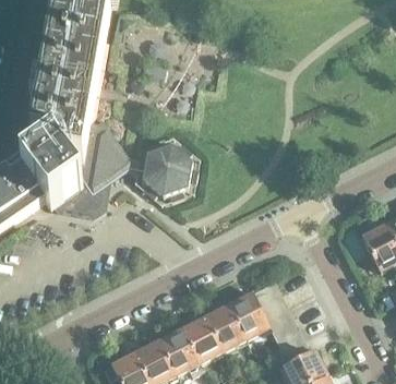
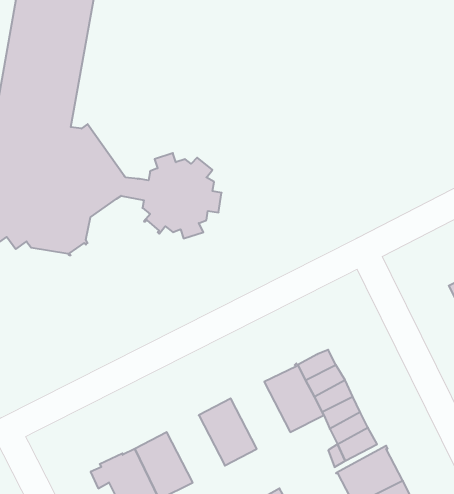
building: [203,302,245,350] -> none
building: [157,326,201,374] -> none

